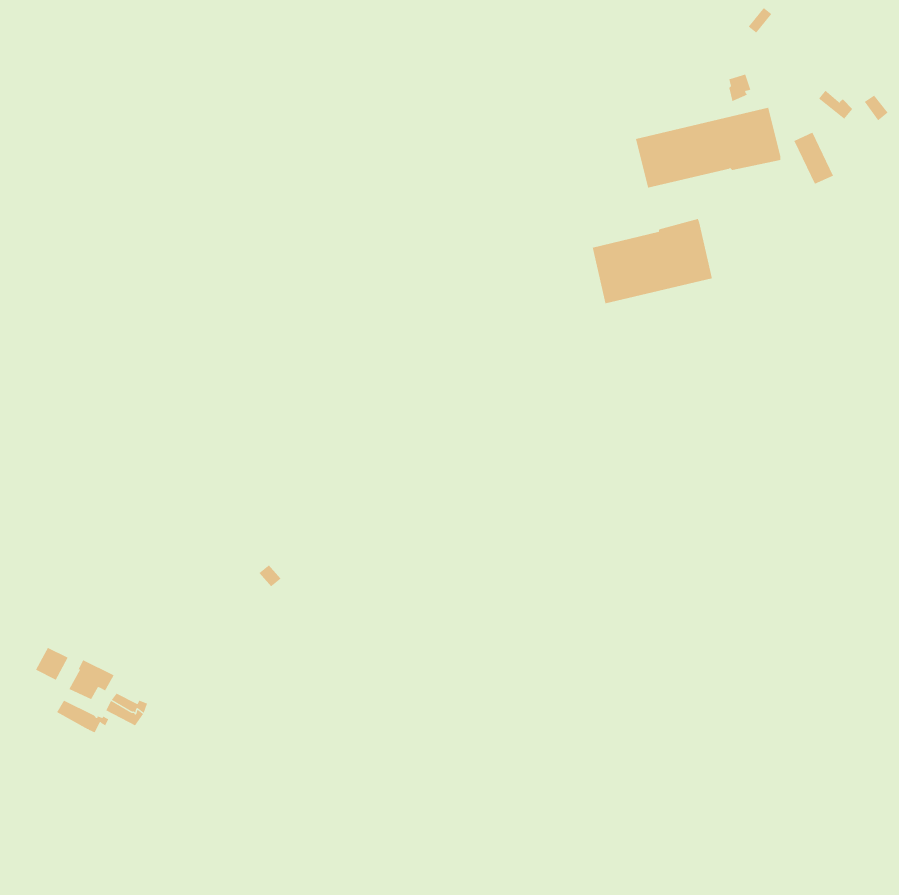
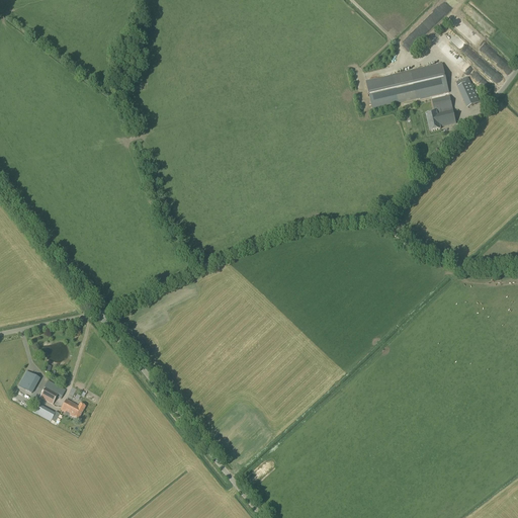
building: none -> [426,94,455,131]
building: [592,218,713,304] -> none

